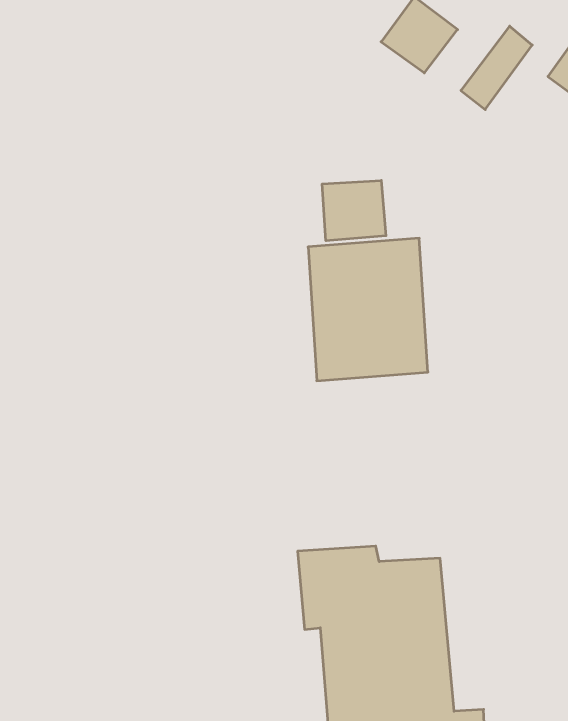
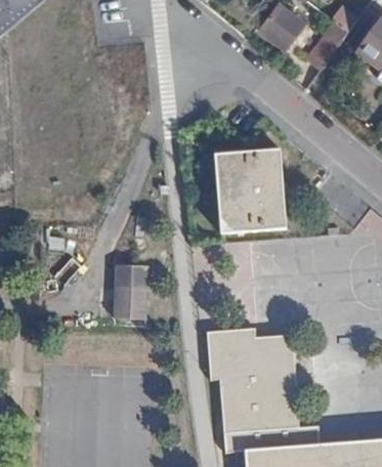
building: [322,180,386,241] -> none
building: none -> [114,262,151,321]

